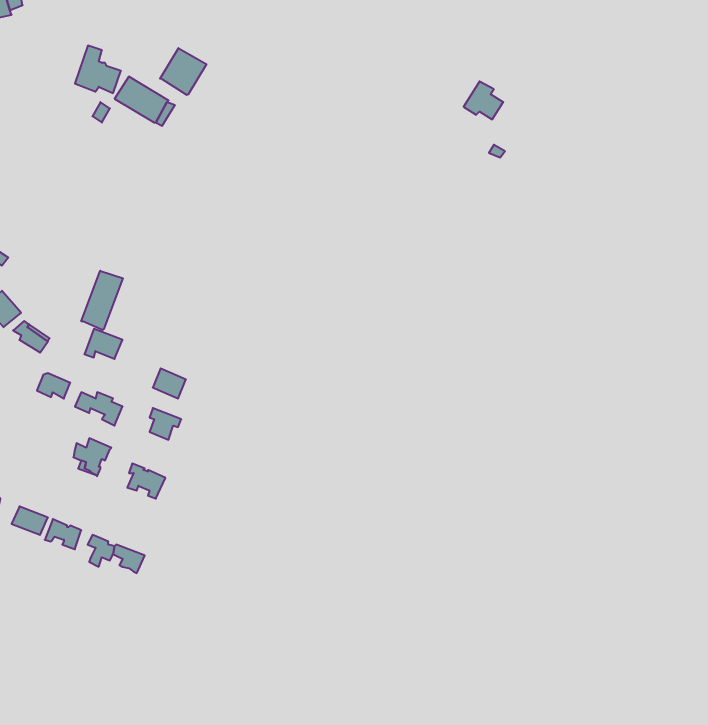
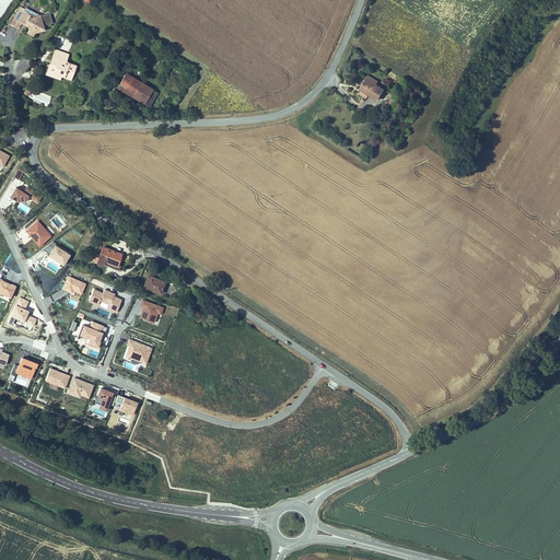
building: [75,46,121,93] -> [45,48,77,81]
building: [160,48,206,95] -> none
building: [81,271,123,330] -> none

